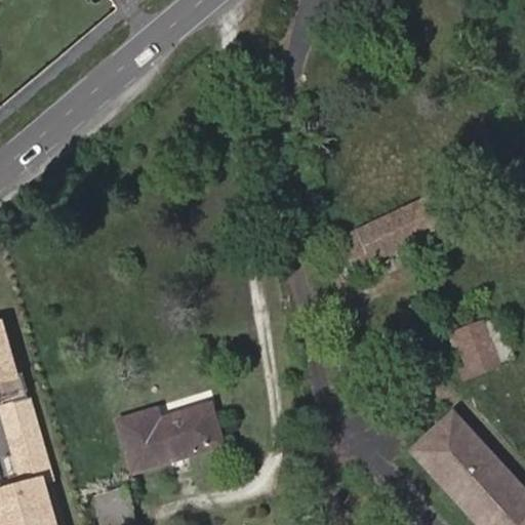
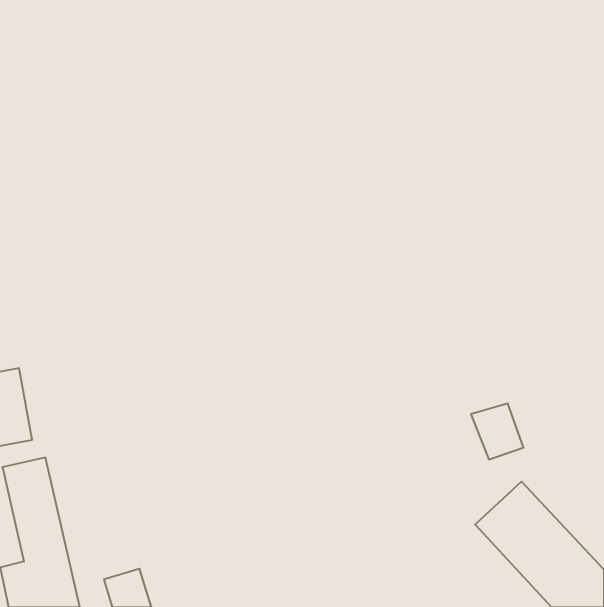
building: [338,197,436,266] -> none
building: [449,324,494,372] -> [471,403,524,460]
building: [114,404,215,470] -> none

